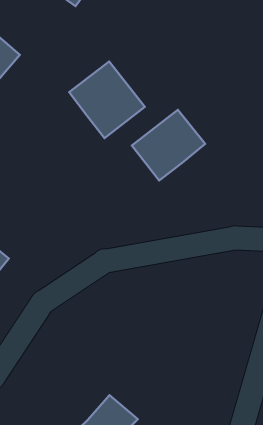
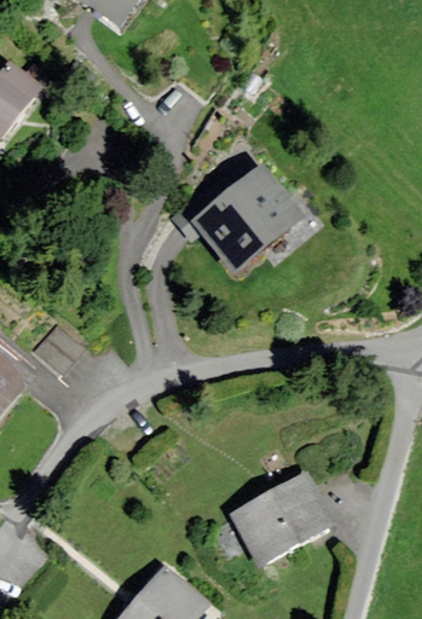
building: [69,62,145,138] -> none
building: none -> [233,476,328,560]

